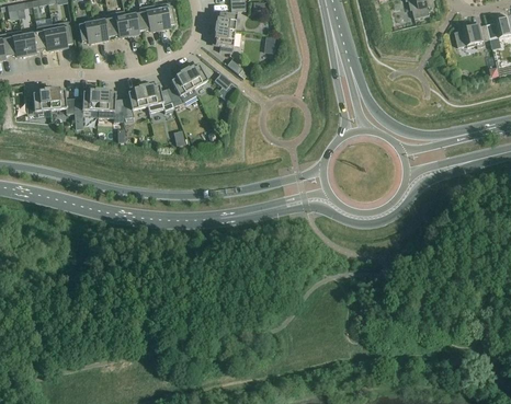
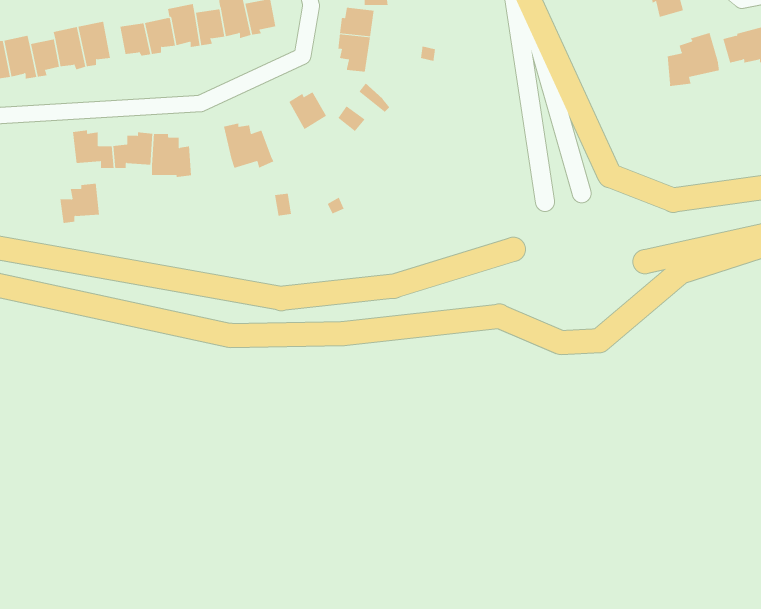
building: none -> [667,32,719,87]
building: [167,70,197,105] -> none
building: [122,85,147,116] -> none
building: [25,89,50,114] -> [59,183,100,223]

